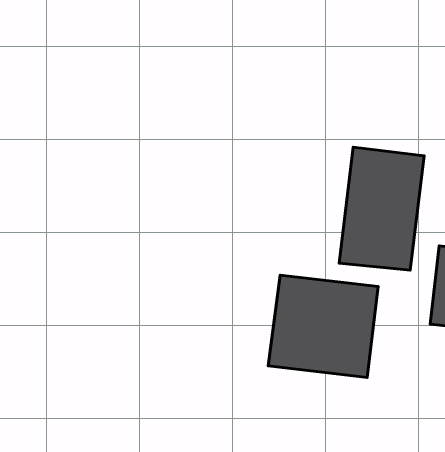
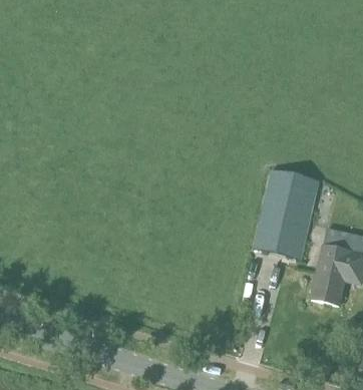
building: [268,275,378,378] -> none

